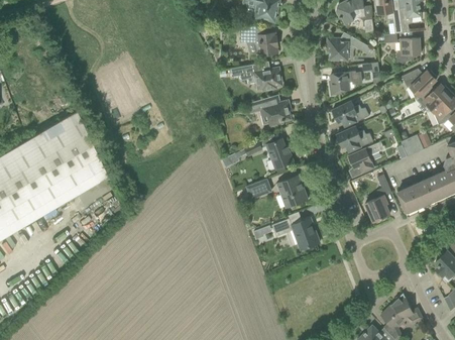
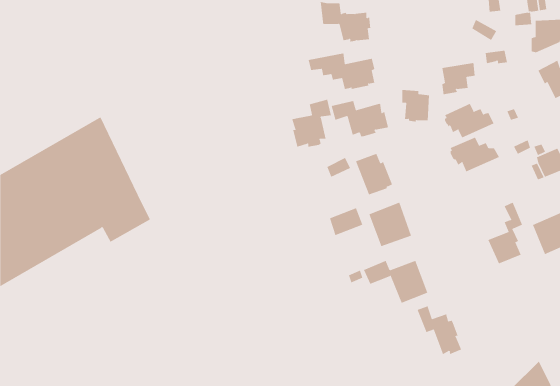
building: [327,37,348,62] -> [402,90,430,122]
building: none -> [292,99,331,147]
building: [348,143,379,173] -> none
building: none -> [417,306,462,355]

